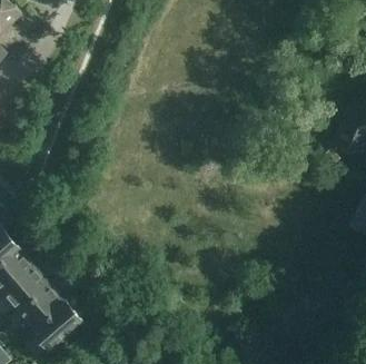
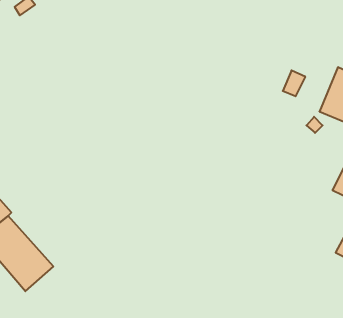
building: [32,301,81,347] -> none

